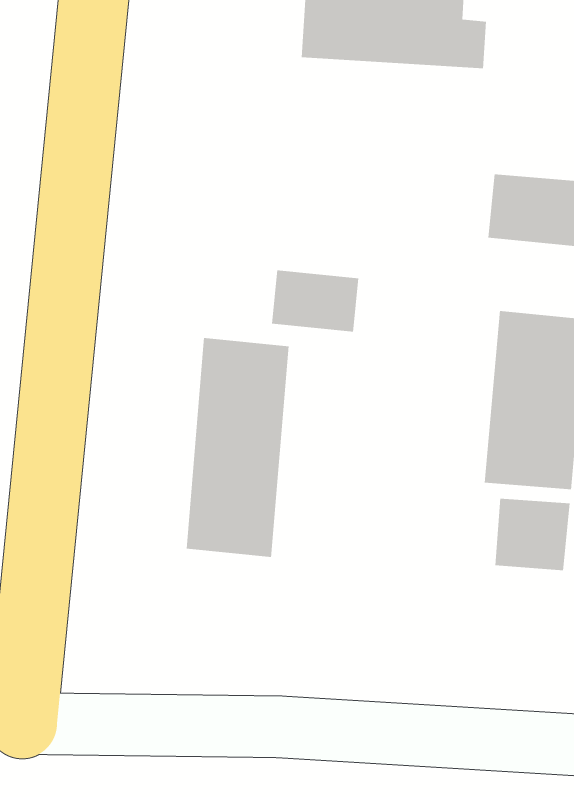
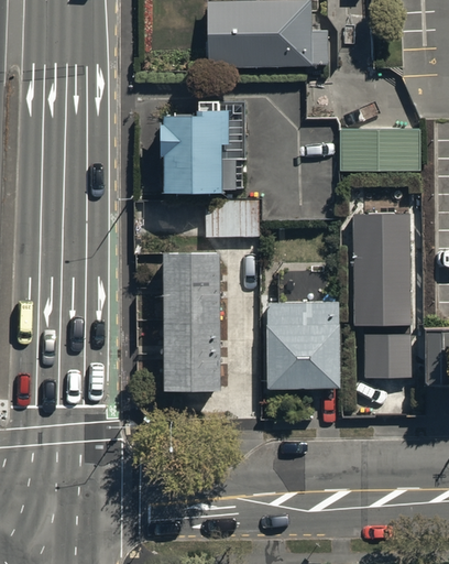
building: none -> [161,110,237,193]
building: none -> [265,284,340,388]

